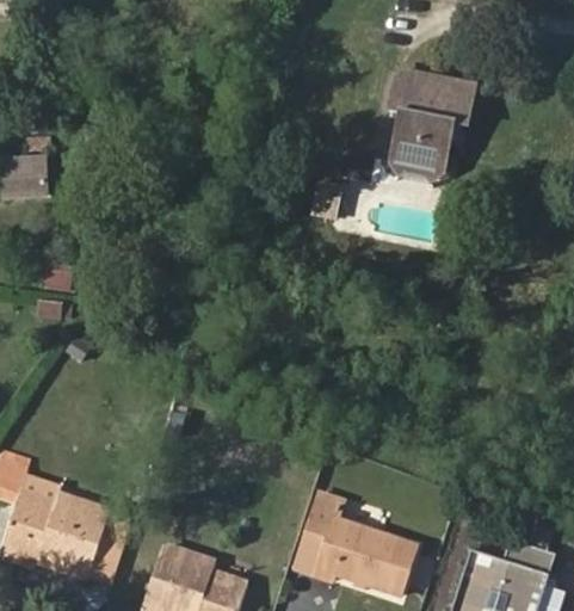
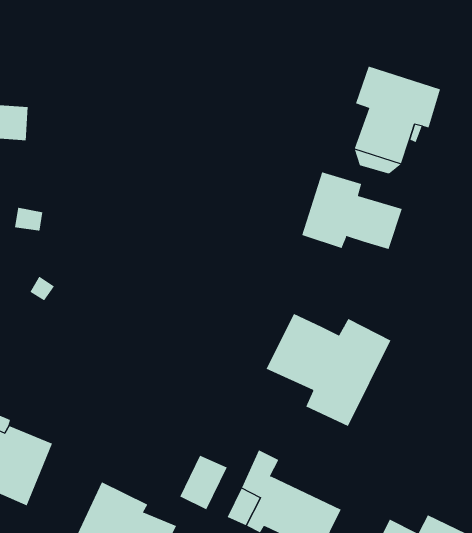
building: none -> [301,172,402,250]
building: none -> [266,313,391,427]
building: none -> [179,455,227,510]

